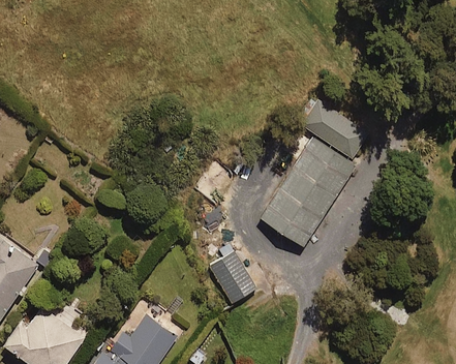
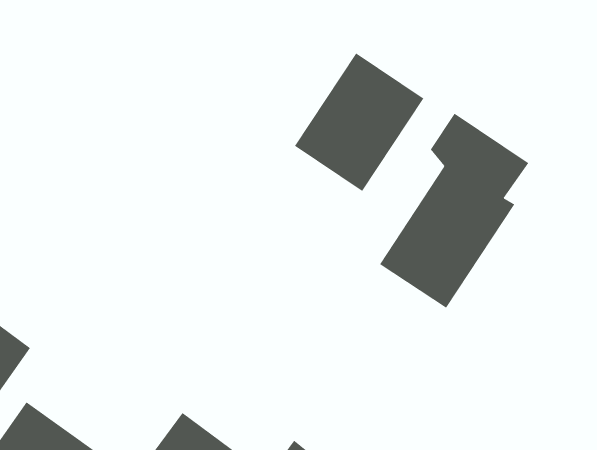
building: none -> [294,53,424,192]
building: [209,252,255,305] -> none

